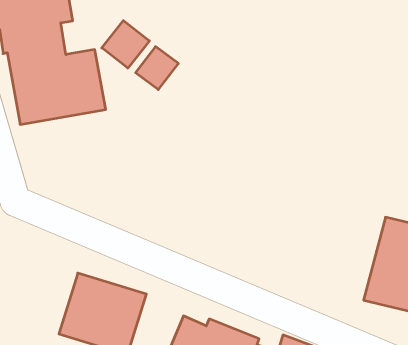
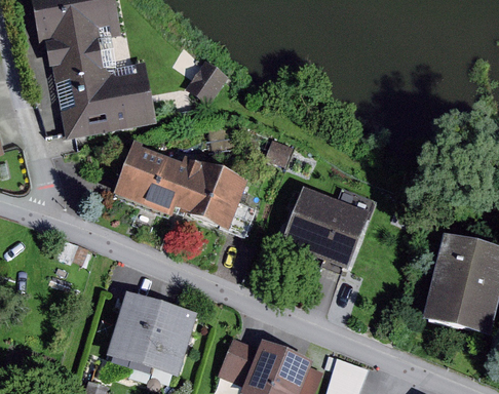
building: [102,21,149,68] -> none
building: none -> [113,141,247,231]
building: none -> [281,187,370,270]

